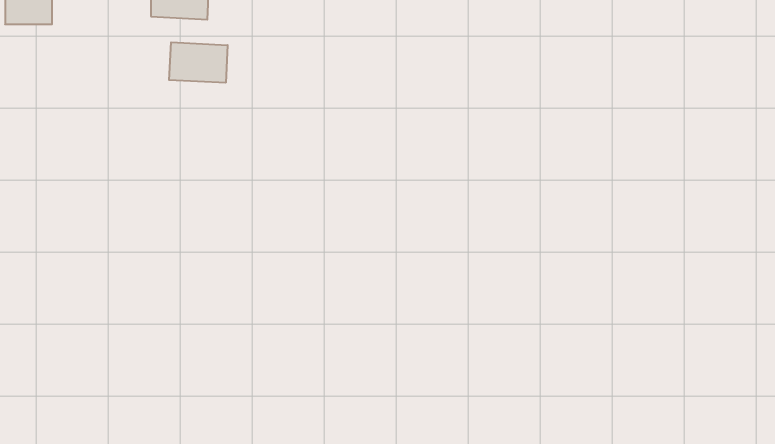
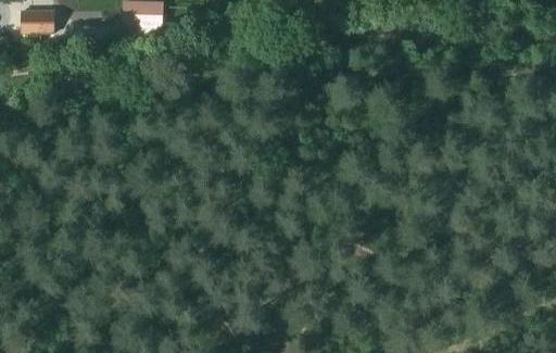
building: [169,42,228,83] -> none

